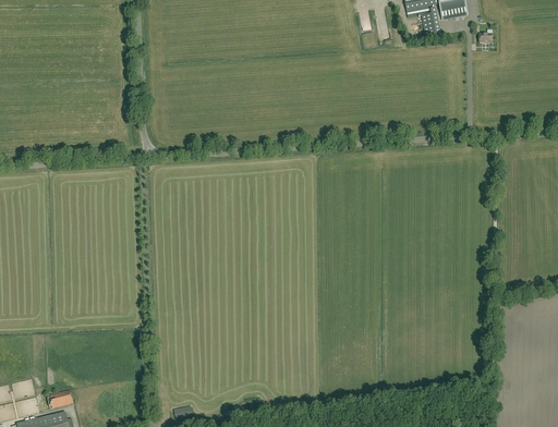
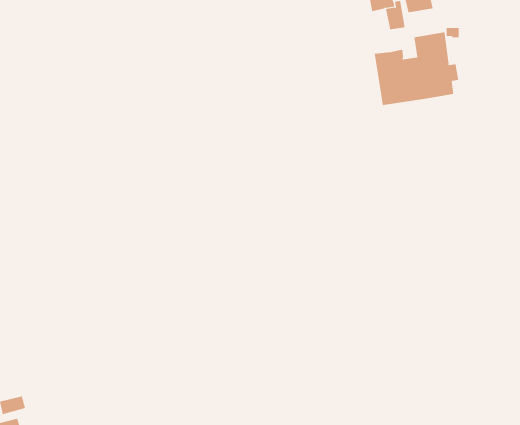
building: none -> [374,31,459,106]

